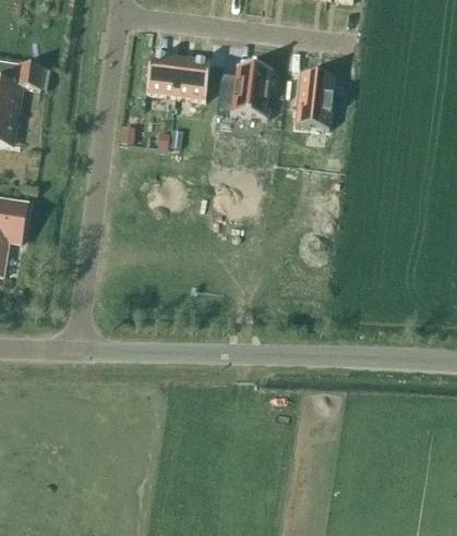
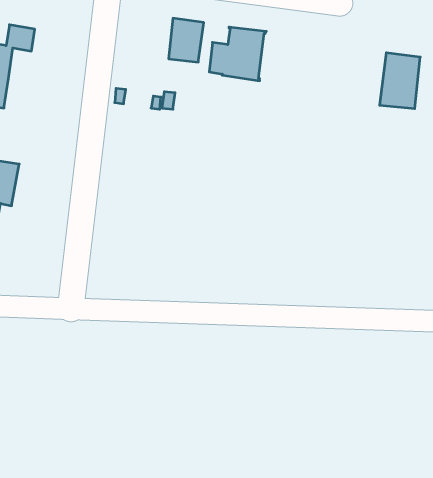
building: [146,52,181,96] -> none
building: [294,72,335,127] -> [380,53,420,109]

